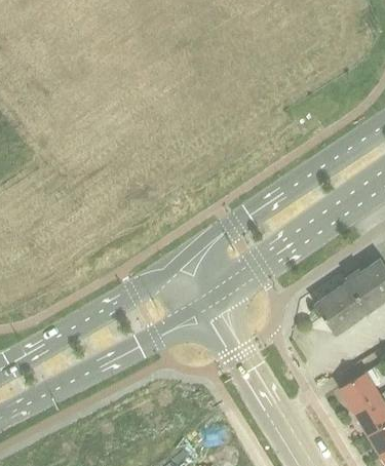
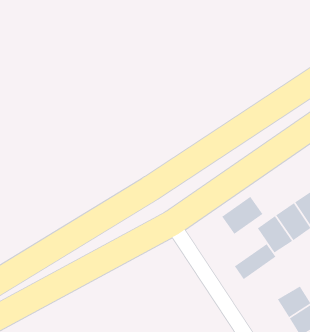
building: none -> [221,196,263,235]
building: none -> [234,243,277,280]

